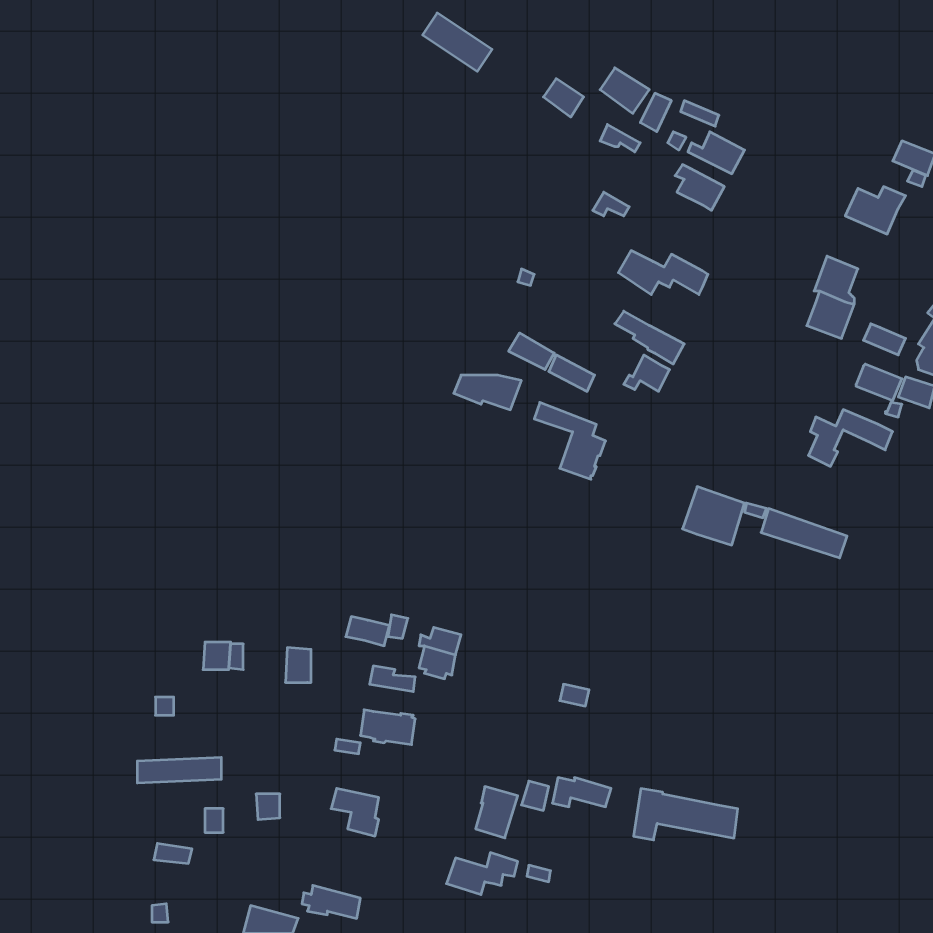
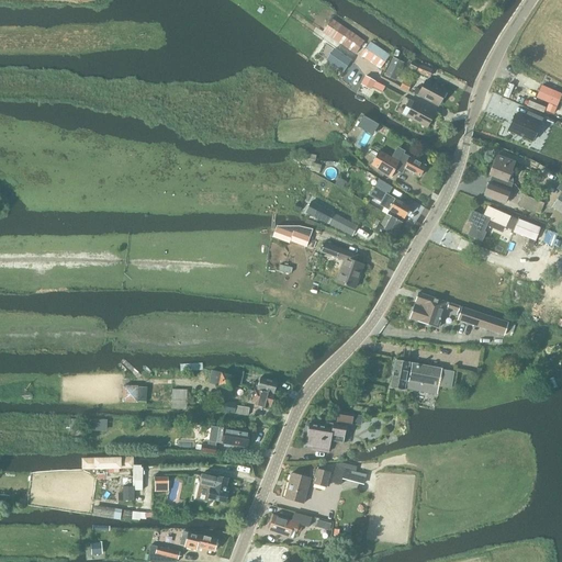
building: [423,13,492,71] -> [324,18,366,53]
building: [808,410,893,466] -> [469,206,519,240]
building: none -> [306,423,347,452]
building: [634,789,738,840] -> [392,359,454,390]

